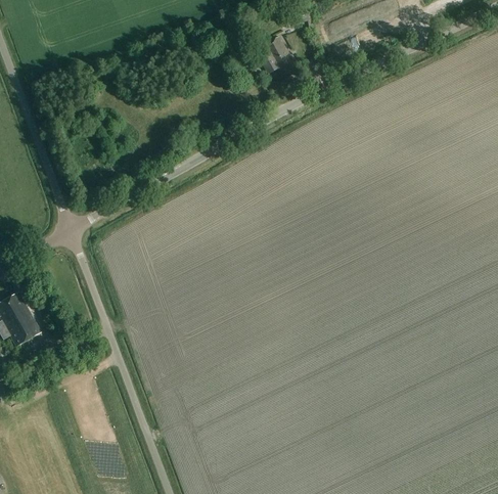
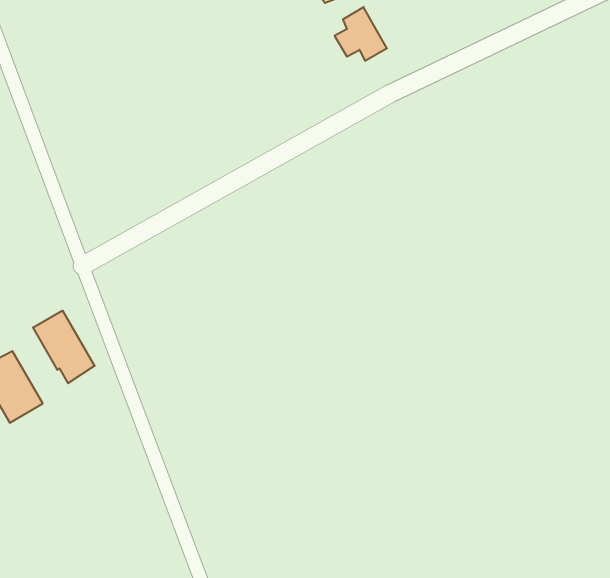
building: none -> [33,311,95,383]

